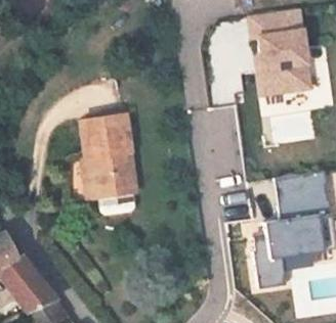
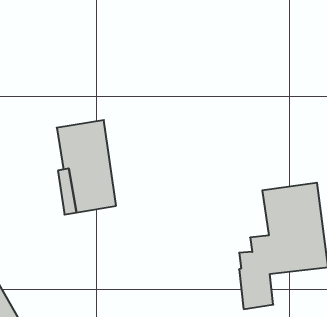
building: [253,9,312,92] -> none

